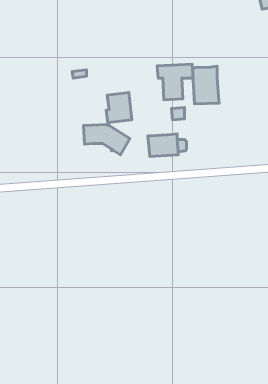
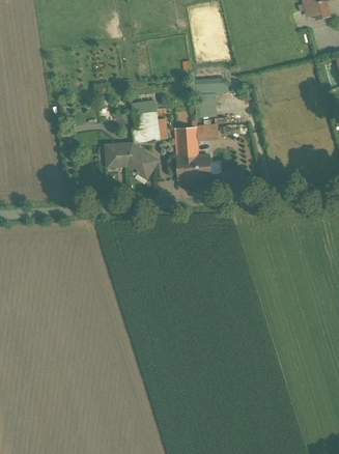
building: [193,66,219,104] -> none
building: none -> [177,126,199,157]

